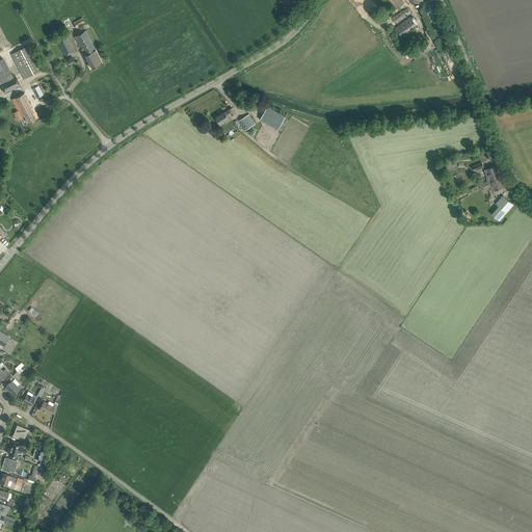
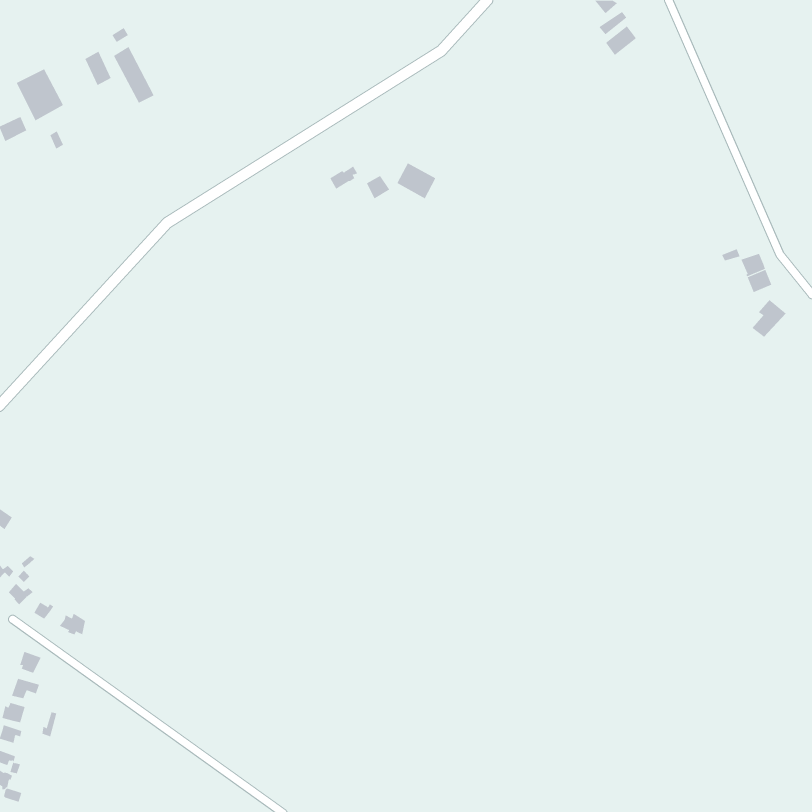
building: [11,94,36,124] -> none

